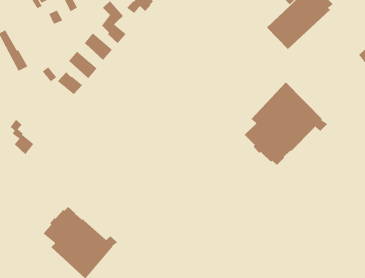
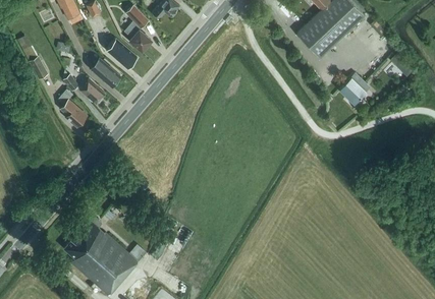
building: none -> [340,73,368,103]
building: [244,82,328,166] -> none
building: [10,119,34,155] -> [62,89,88,127]

